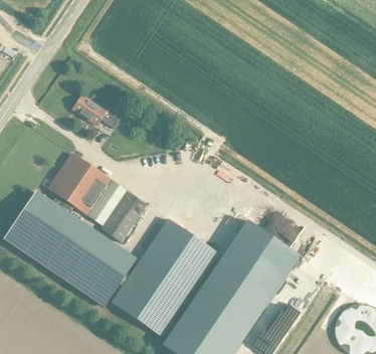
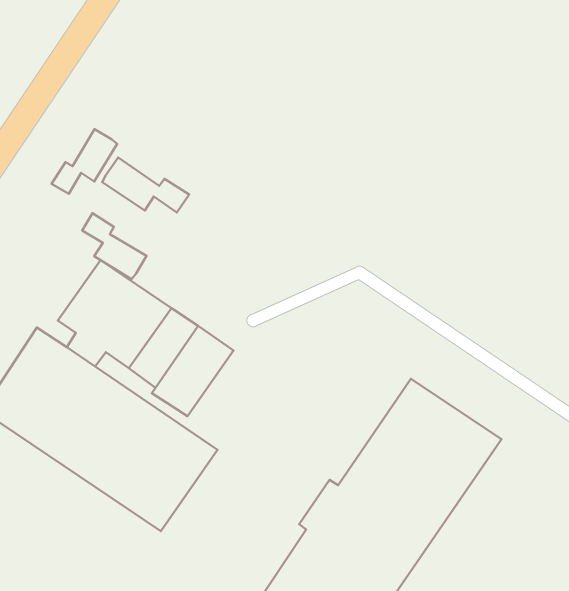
building: none -> [52,129,117,194]
building: none -> [82,213,147,279]
building: [112,218,219,336] -> none

